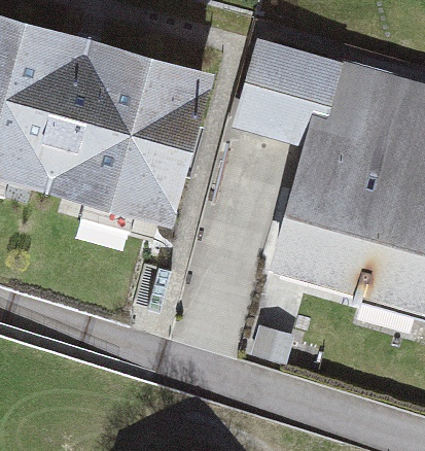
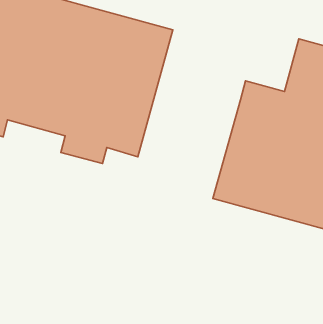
building: [234,45,344,151] -> none

